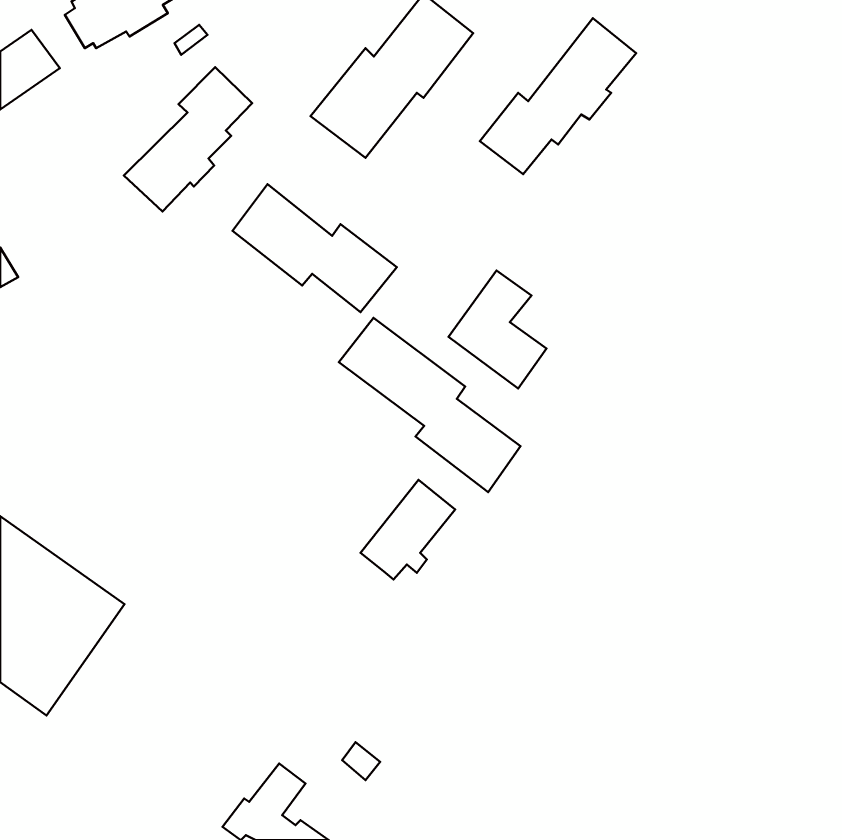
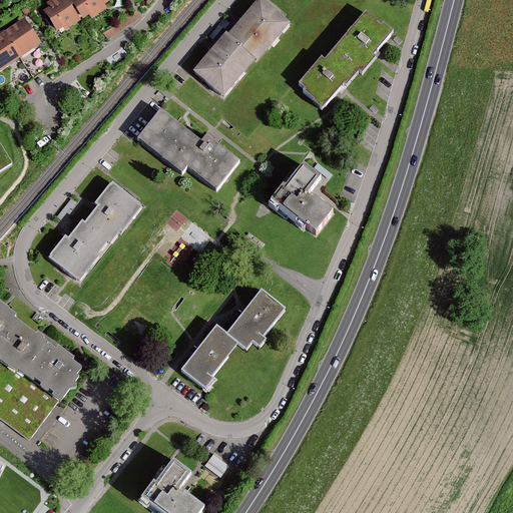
building: [124,67,252,211] -> none
building: none -> [52,182,143,278]
building: [339,318,520,492] -> none
building: none -> [178,327,235,387]

